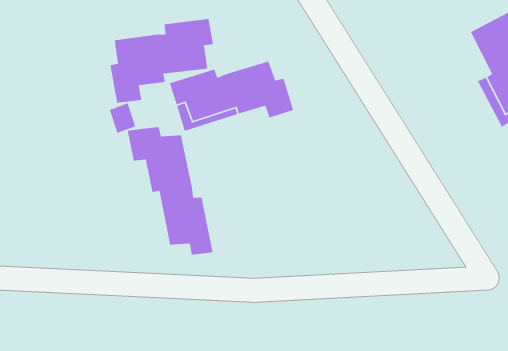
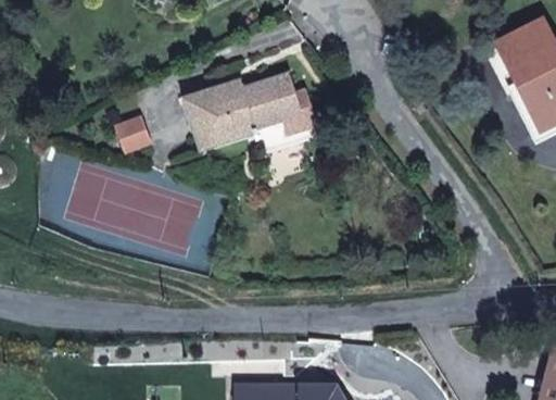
building: [109,18,214,104] -> none
building: [127,126,214,256] -> none

